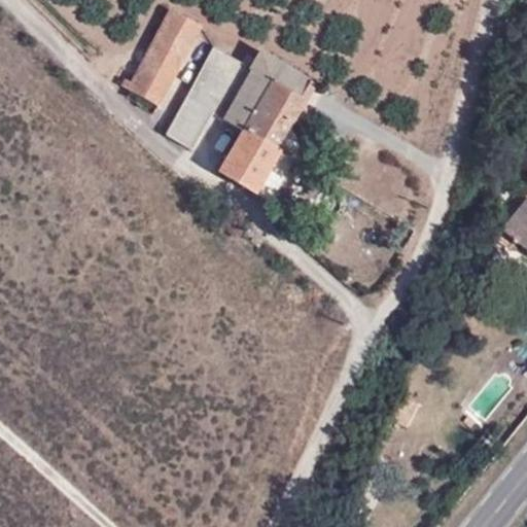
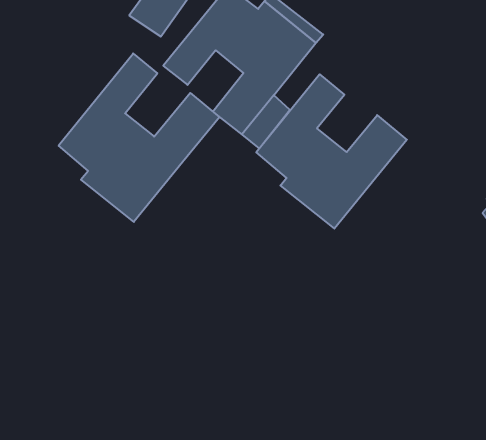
building: none -> [256,74,407,229]
building: none -> [59,53,219,222]

